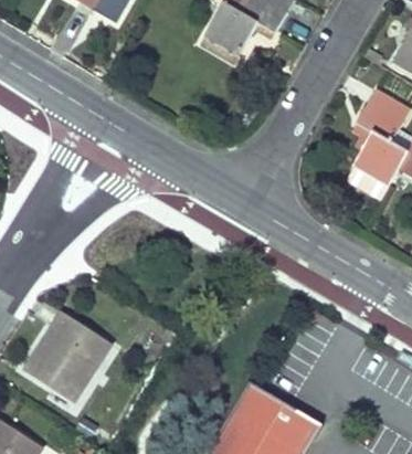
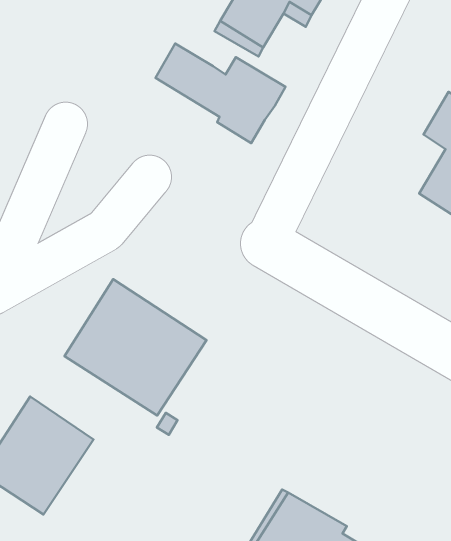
building: none -> [155,44,286,143]
building: none -> [64,279,207,415]

